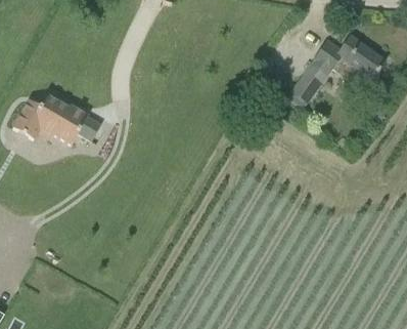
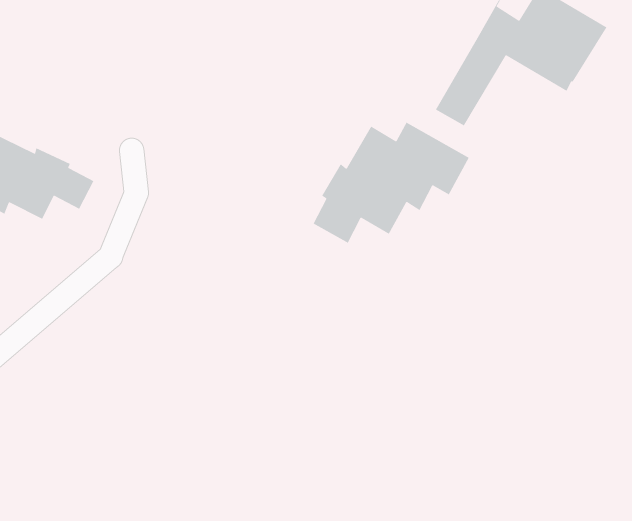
building: none -> [312,122,470,244]

